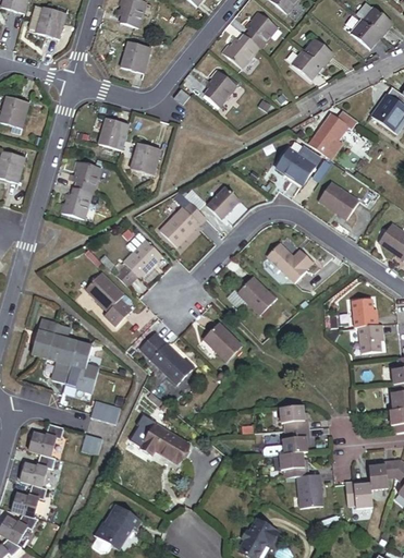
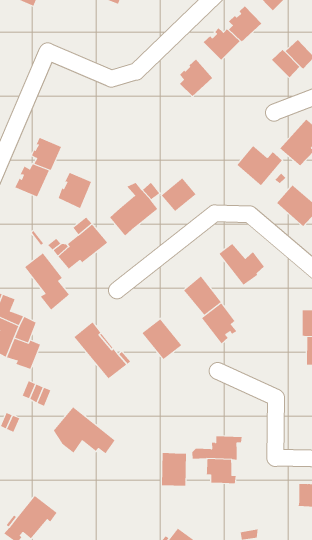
building: [120,41,150,74] -> none
building: [99,122,131,156] -> none
building: [131,144,161,178] -> [58,172,92,209]
building: none -> [201,302,237,344]
building: [278,402,309,428] -> none
building: [295,471,322,505] -> [161,453,187,486]
building: [346,480,372,504] -> none

